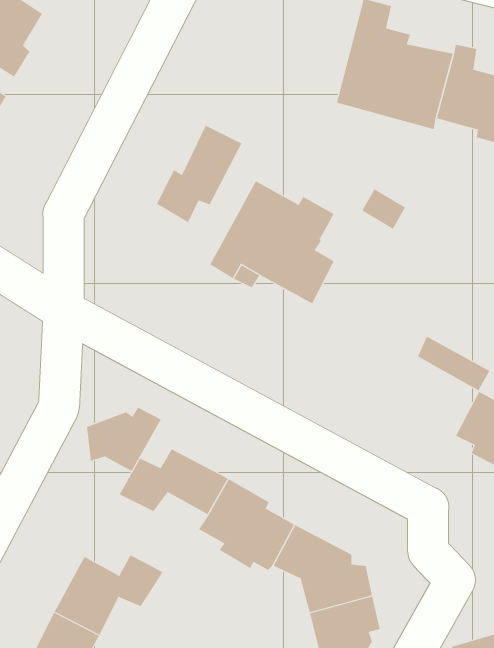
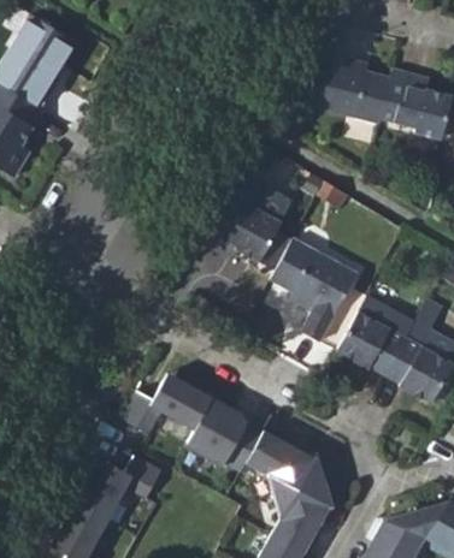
building: [156,125,242,223] -> none
building: none -> [271,233,355,337]
building: none -> [334,305,402,366]
building: [86,407,162,472] -> none

